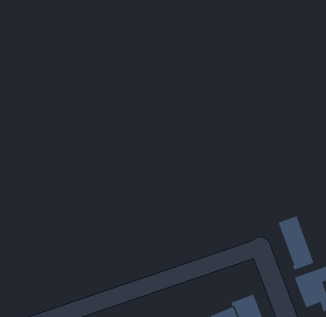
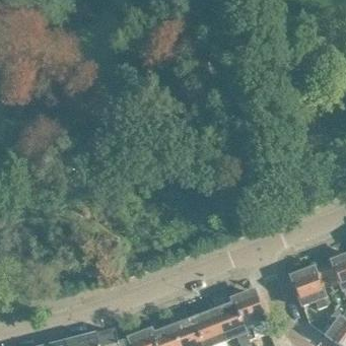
building: [278,216,314,271] -> none

